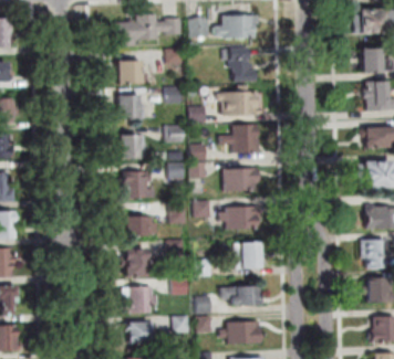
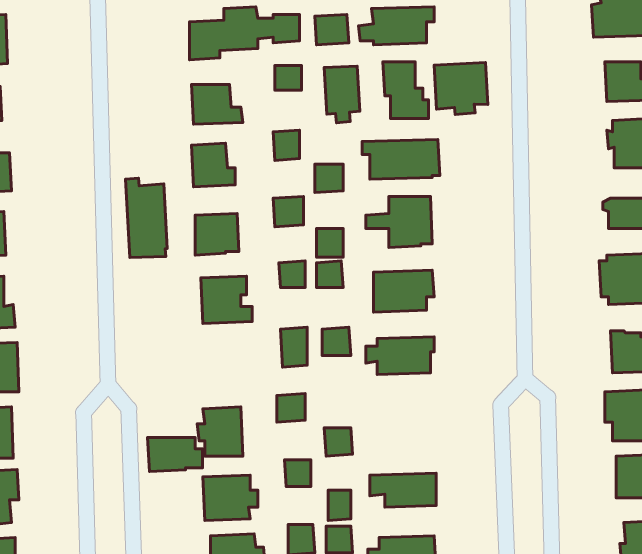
building: none -> [434,62,488,115]
building: none -> [324,66,360,123]
building: none -> [125,178,167,258]
building: [124,217,156,236] -> [148,438,203,472]
building: [234,242,260,270] -> none

